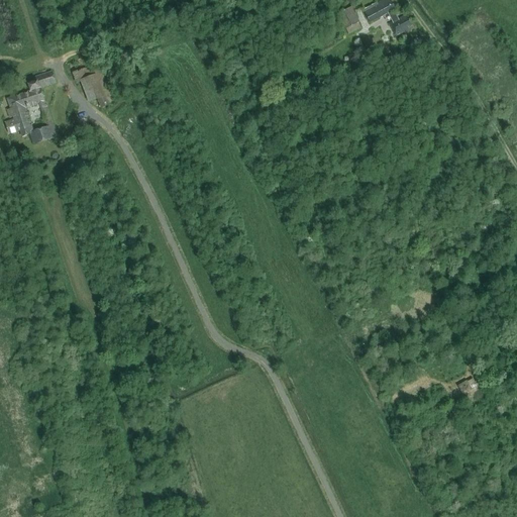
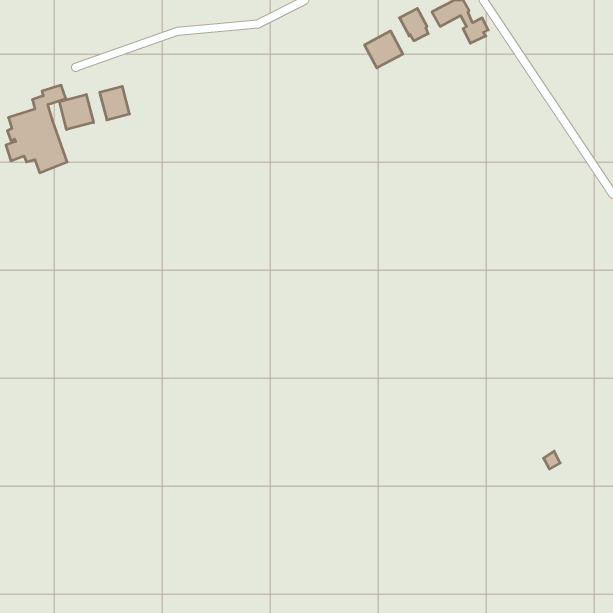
building: none -> [365,31,403,68]
building: none -> [59,94,94,130]

